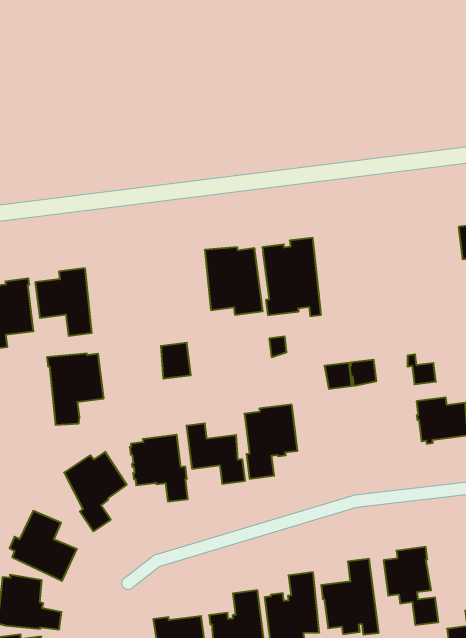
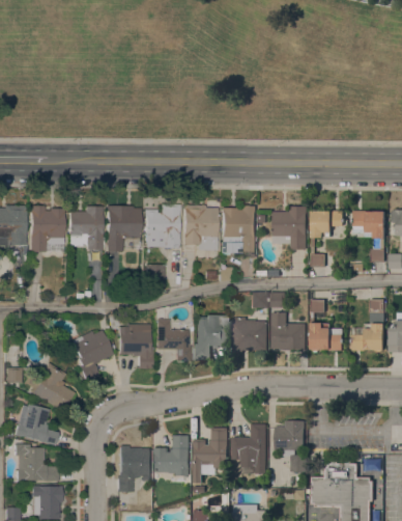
building: none -> [311,209,343,266]
building: none -> [272,205,307,249]
building: none -> [144,204,180,248]
building: [47,354,104,425] -> [106,205,140,252]
building: none -> [271,311,306,350]
building: none -> [233,317,267,351]

